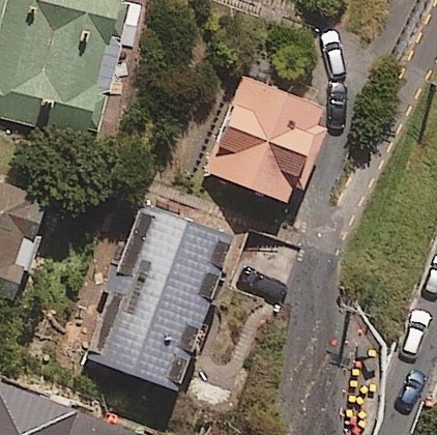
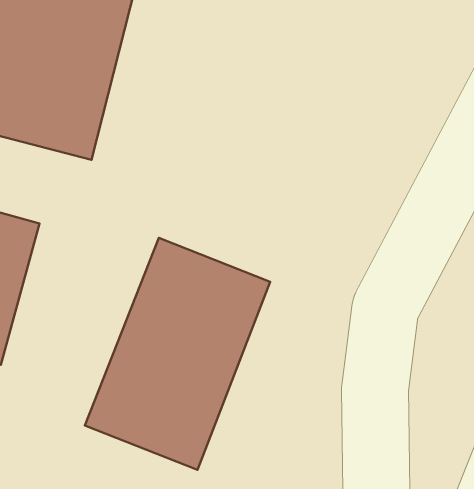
building: [210,77,327,203] -> none

